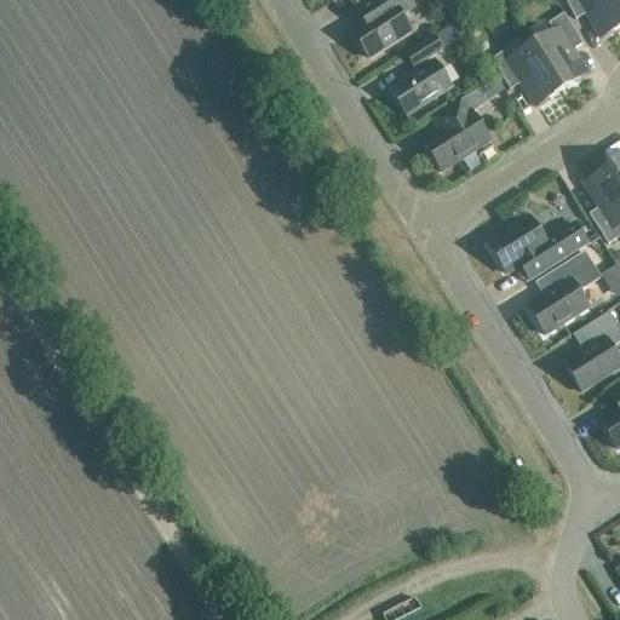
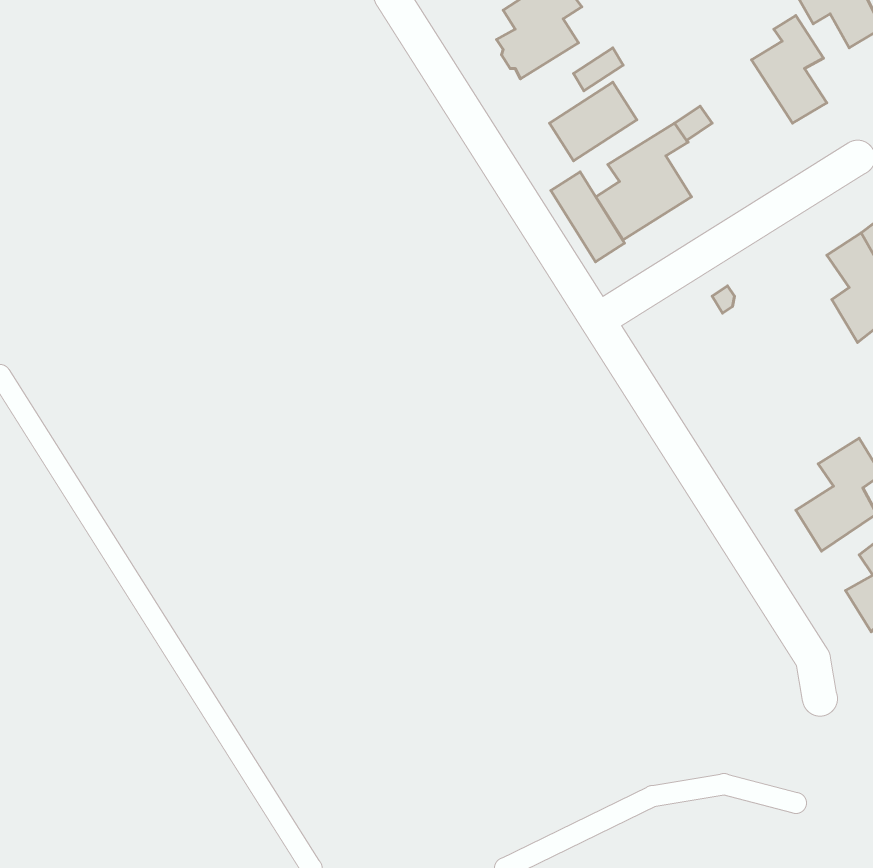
building: [492,42,562,103] -> none
building: none -> [551,172,625,262]
building: [488,216,587,271] -> none
building: [528,249,602,333] -> none

